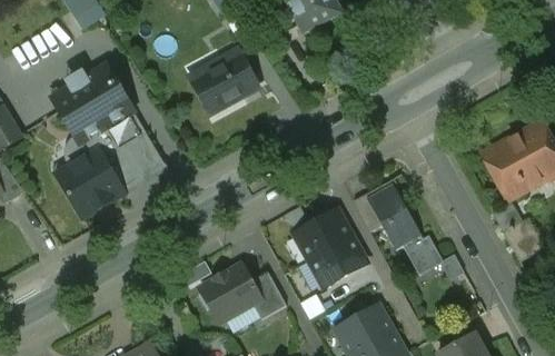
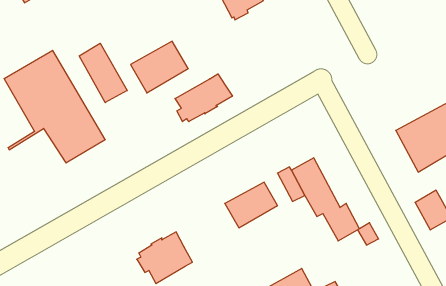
building: none -> [79,43,127,103]
building: none -> [175,74,232,122]
building: [56,151,122,217] -> none
building: [310,236,367,287] -> none
building: [250,271,286,319] -> none

